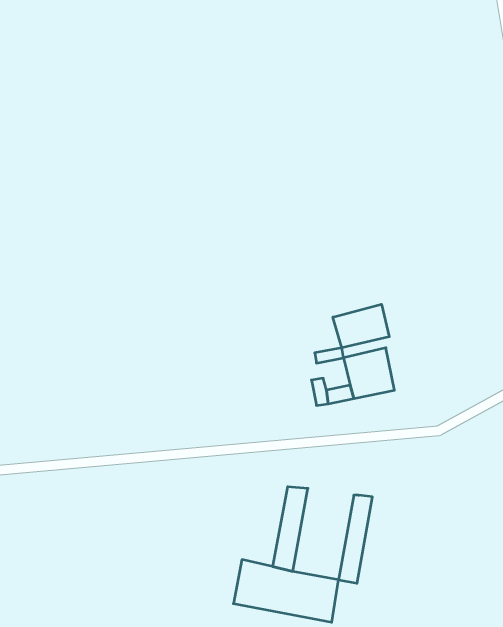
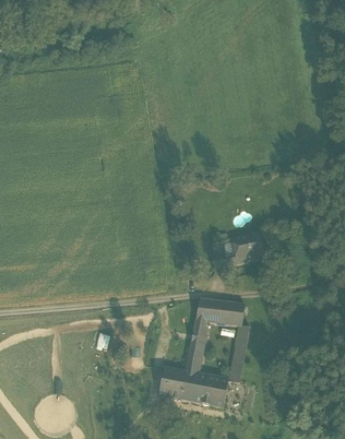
building: [333,304,389,348] -> none
building: none -> [195,298,245,325]

